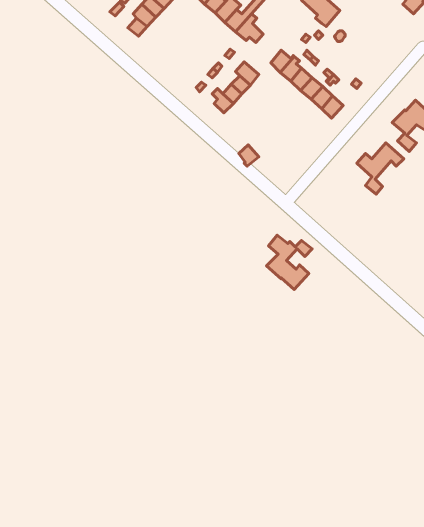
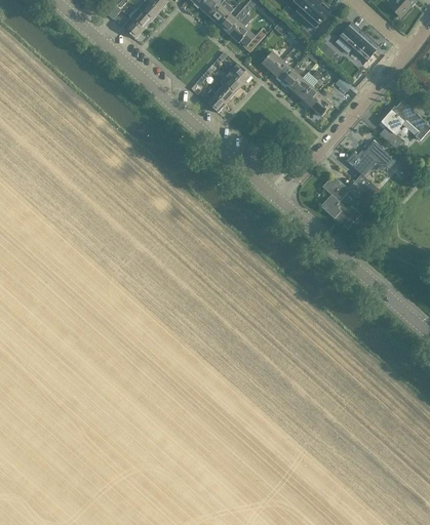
building: none -> [339,21,376,60]
building: [266,235,312,289] -> [319,176,363,229]

